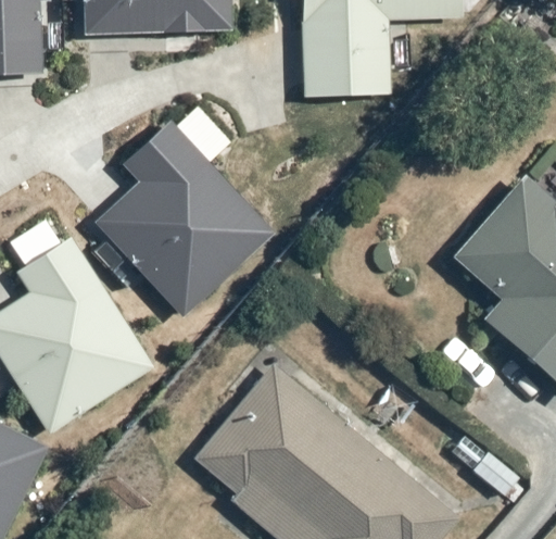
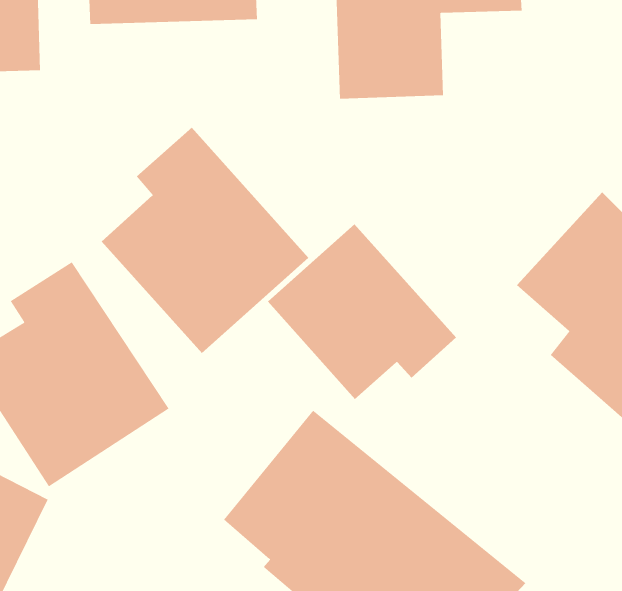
building: none -> [267,223,457,400]

